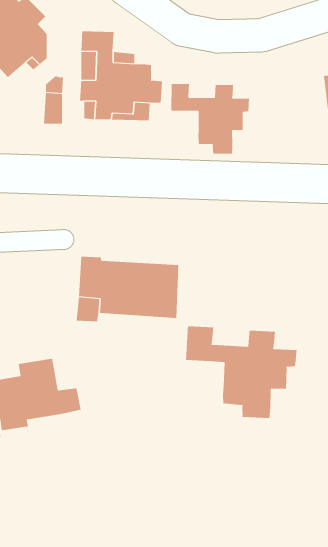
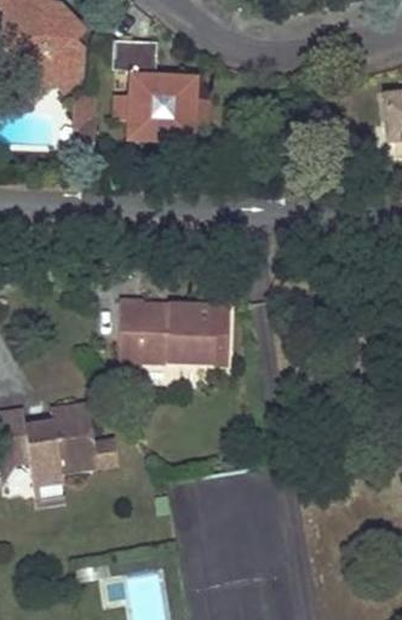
building: [171,83,250,154] -> none
building: [186,326,297,419] -> none

